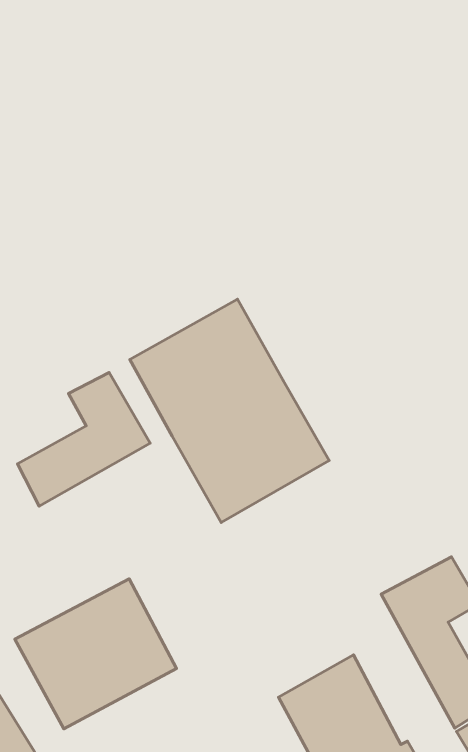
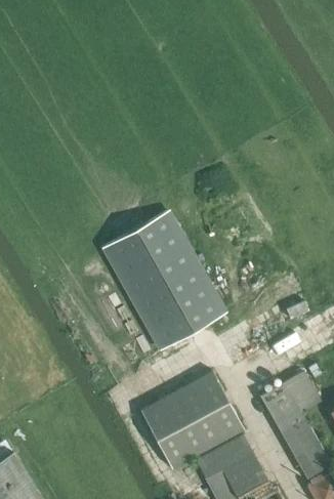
building: [18,372,150,506] -> none
building: [15,579,177,729] -> [142,373,244,467]

